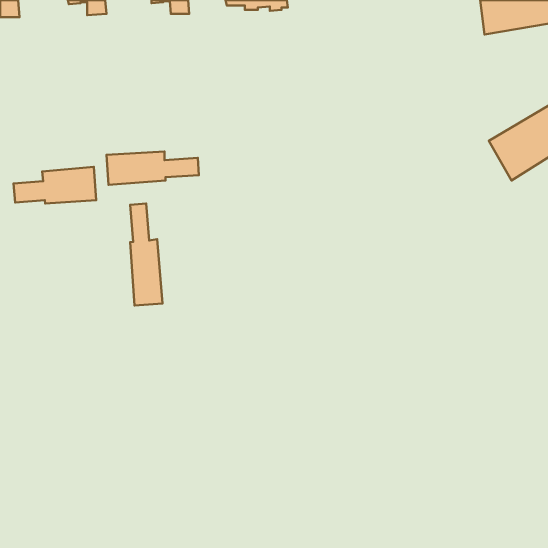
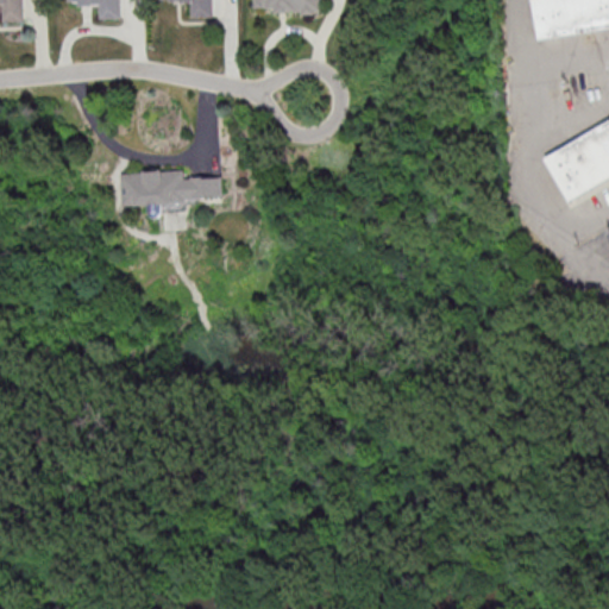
building: [14,167,96,204] -> none
building: [130,203,162,305] -> none

